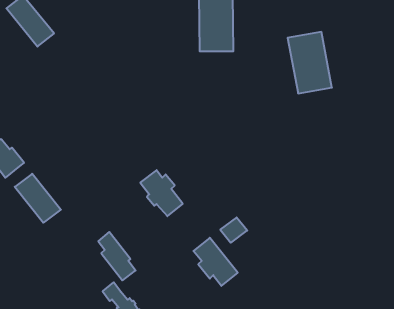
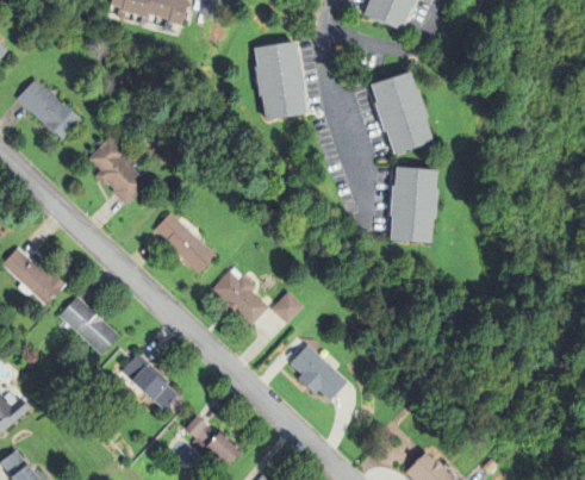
building: none -> [89,136,149,205]
building: none -> [387,163,436,239]
building: none -> [156,212,217,274]
building: [220,217,247,243] -> [272,292,305,324]
building: [98,232,136,280] -> [127,353,179,410]

